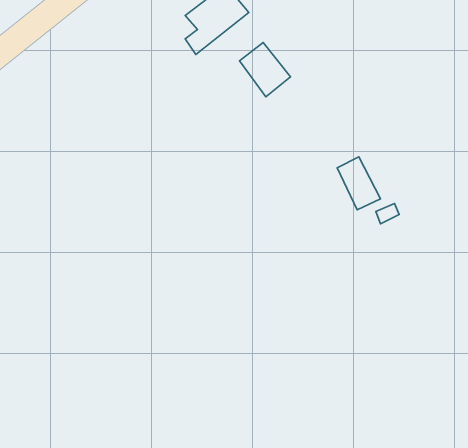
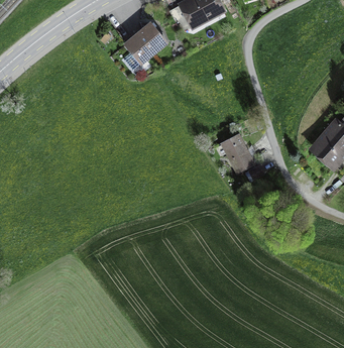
building: [239,43,290,97] -> none

